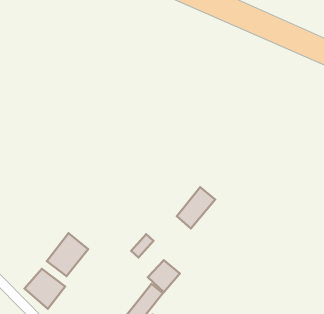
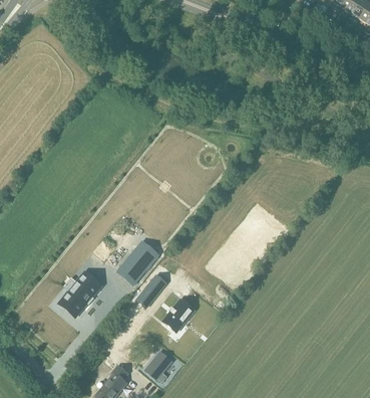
building: [177,187,215,228] -> [117,241,158,285]
building: [24,269,65,309] -> none

